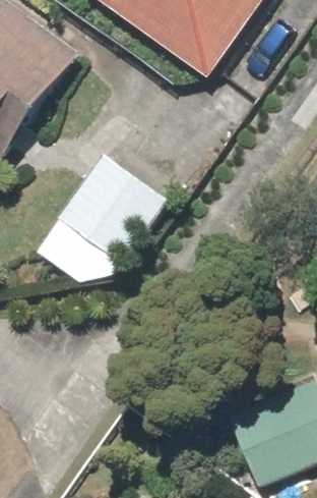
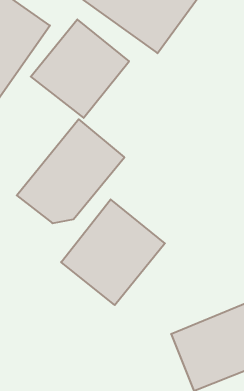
building: none -> [31,19,129,118]
building: none -> [61,199,165,305]

